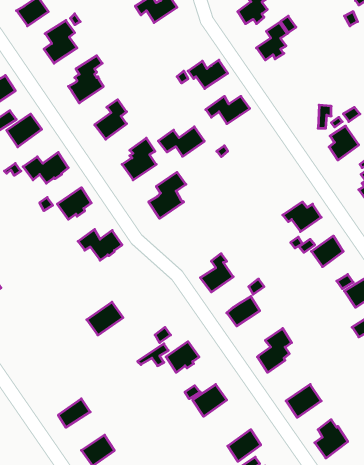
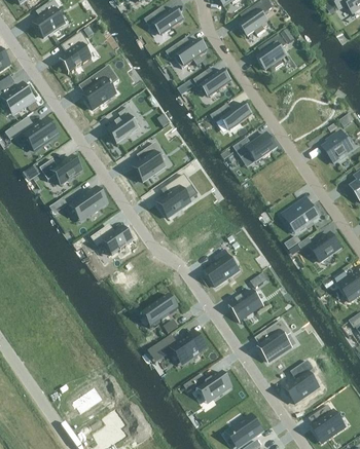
building: none -> [167,38,208,68]
building: [158,127,204,156] -> [233,134,277,161]
building: [87,302,123,335] -> [143,294,177,325]

